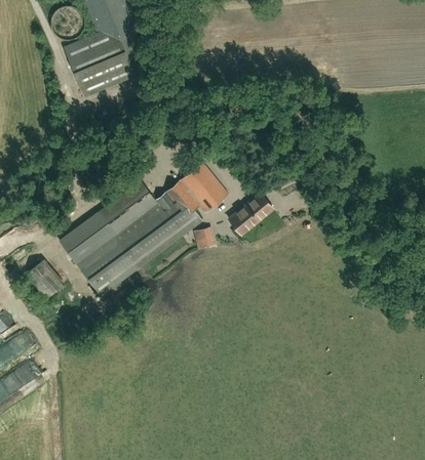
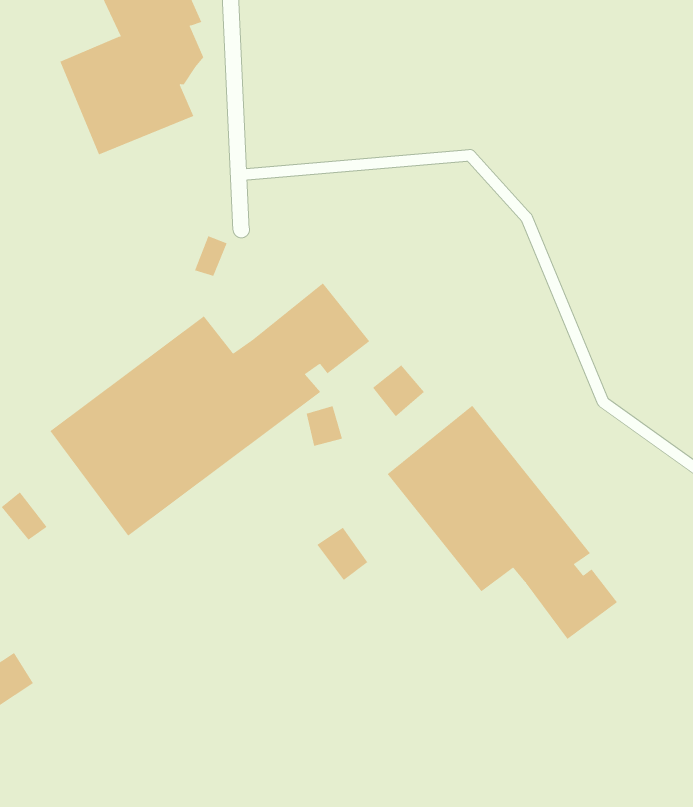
building: [242,192,271,219] -> none
building: none -> [387,405,618,640]
building: none -> [316,527,368,581]

